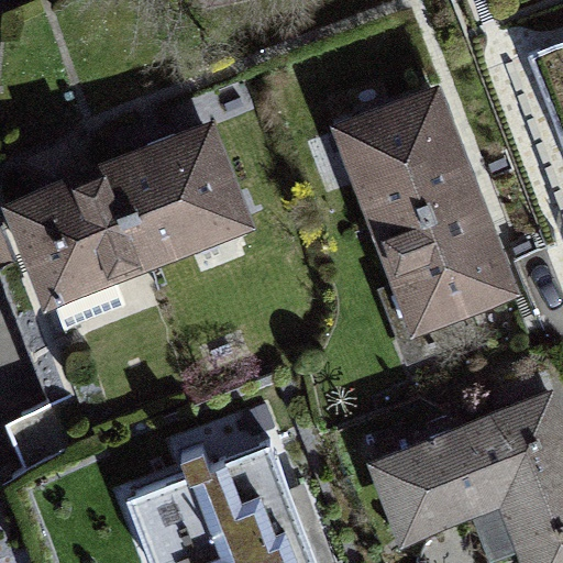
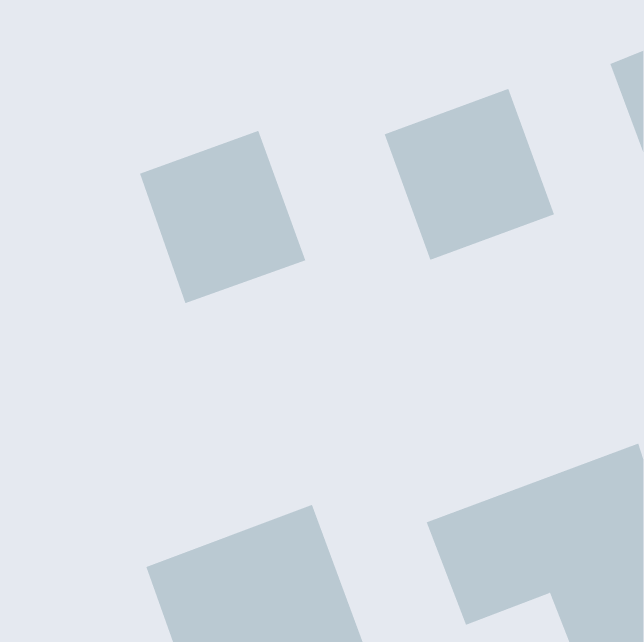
building: [15,158,159,308] -> none
building: [371,194,518,341] -> none

